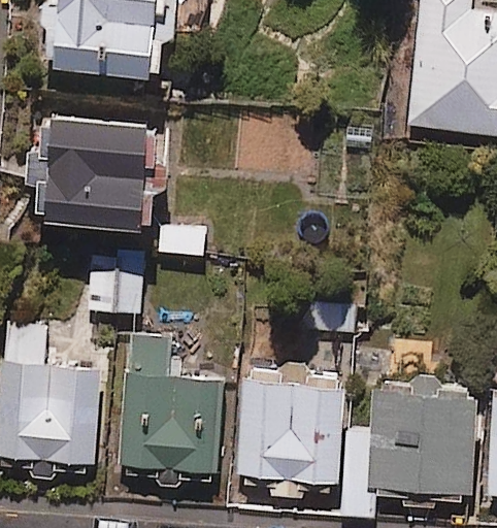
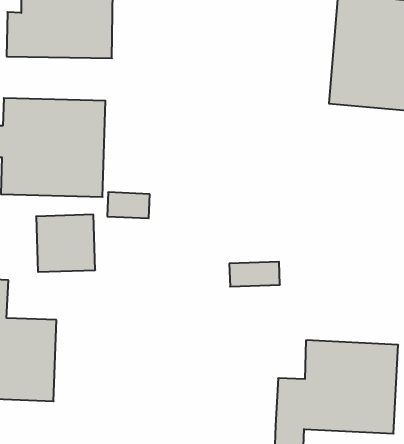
building: [121,329,224,474] -> none
building: [238,380,351,485] -> none

